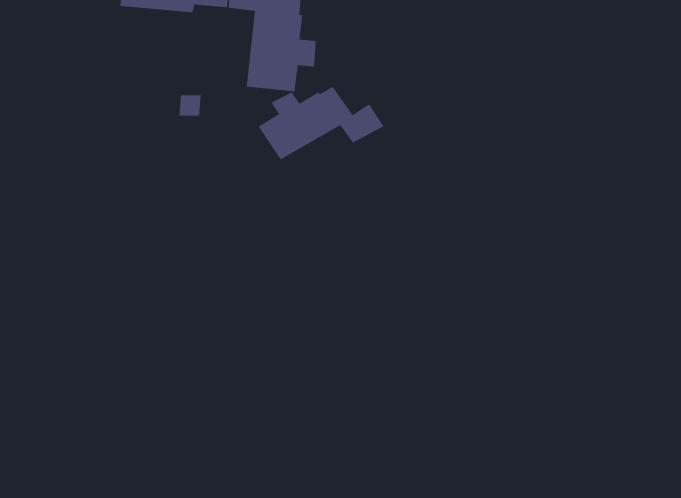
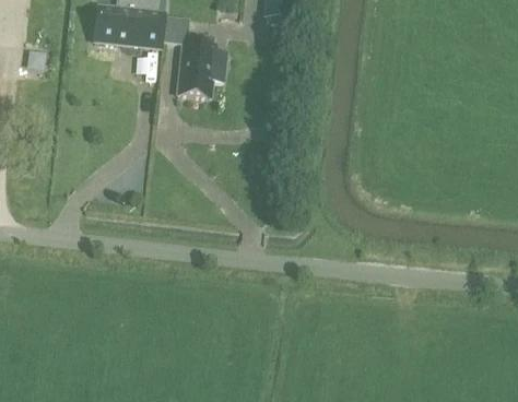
building: [258,86,384,160] -> none

